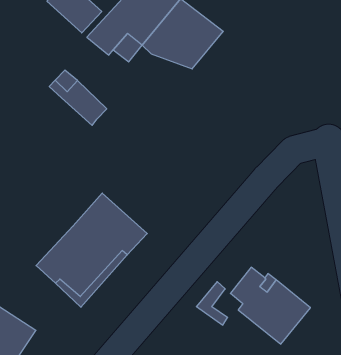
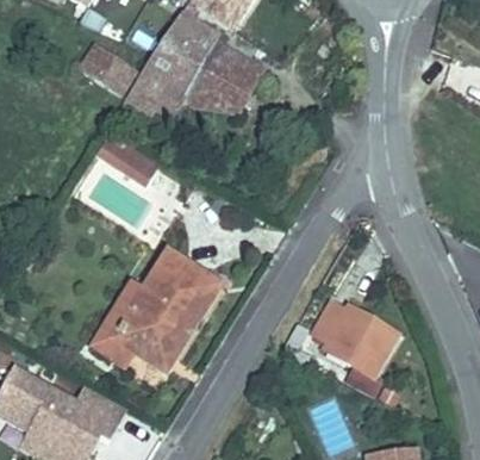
building: none -> [92,282,144,367]

